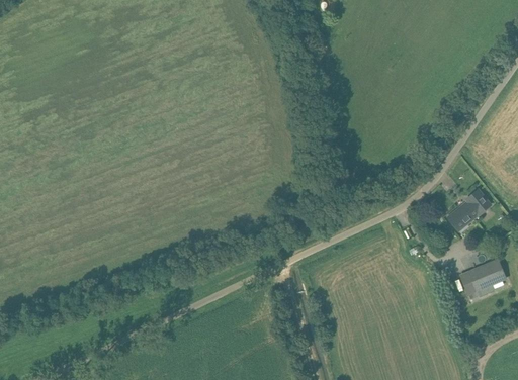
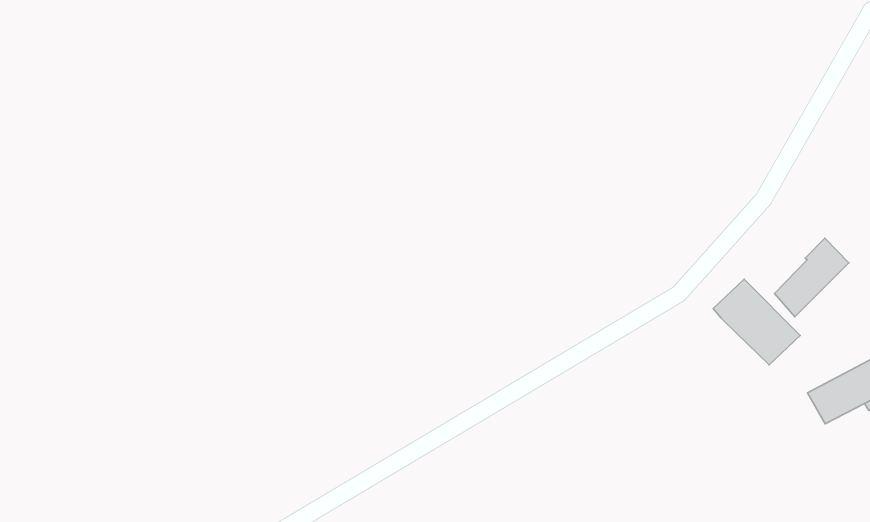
building: none -> [713,279,800,365]

